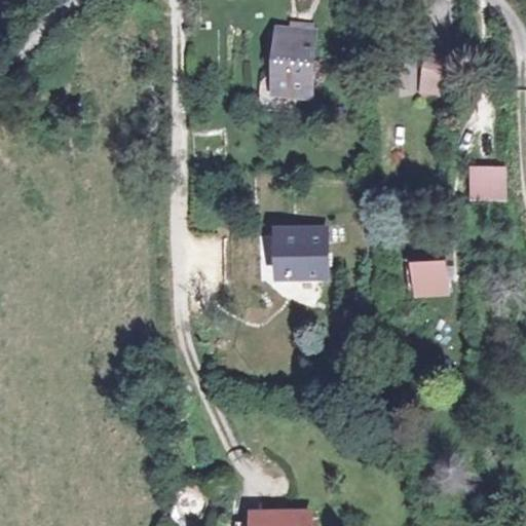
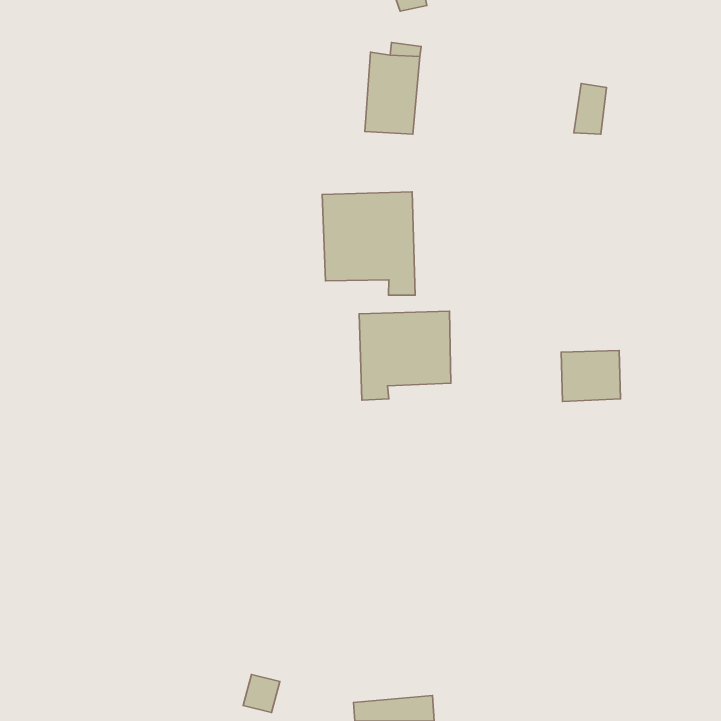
building: none -> [322,192,415,295]
building: [472,174,511,205] -> none

